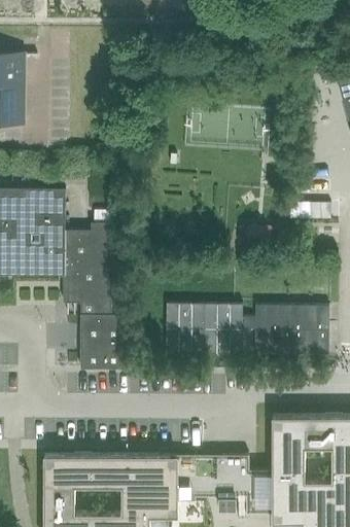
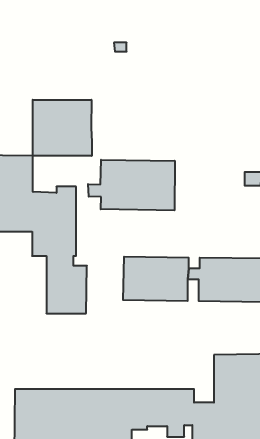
building: none -> [33,100,92,156]
building: none -> [88,160,175,210]

